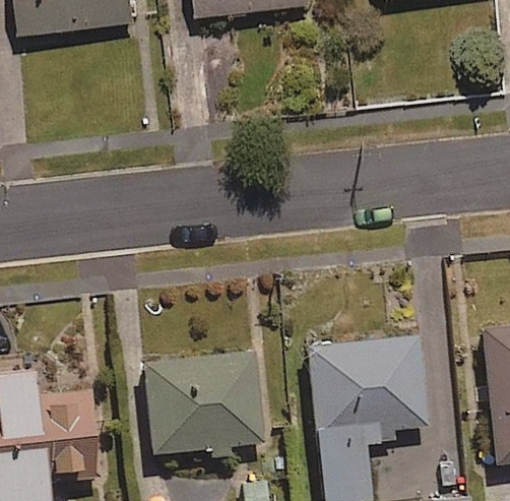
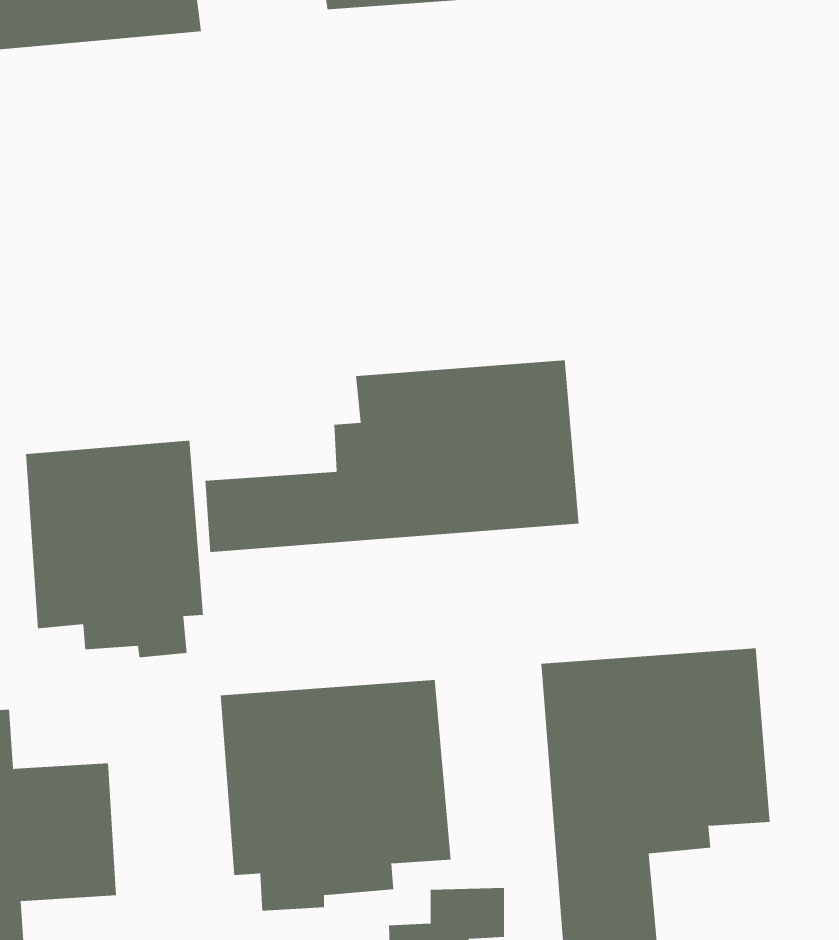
building: none -> [205,360,579,553]
building: none -> [26,440,203,658]

